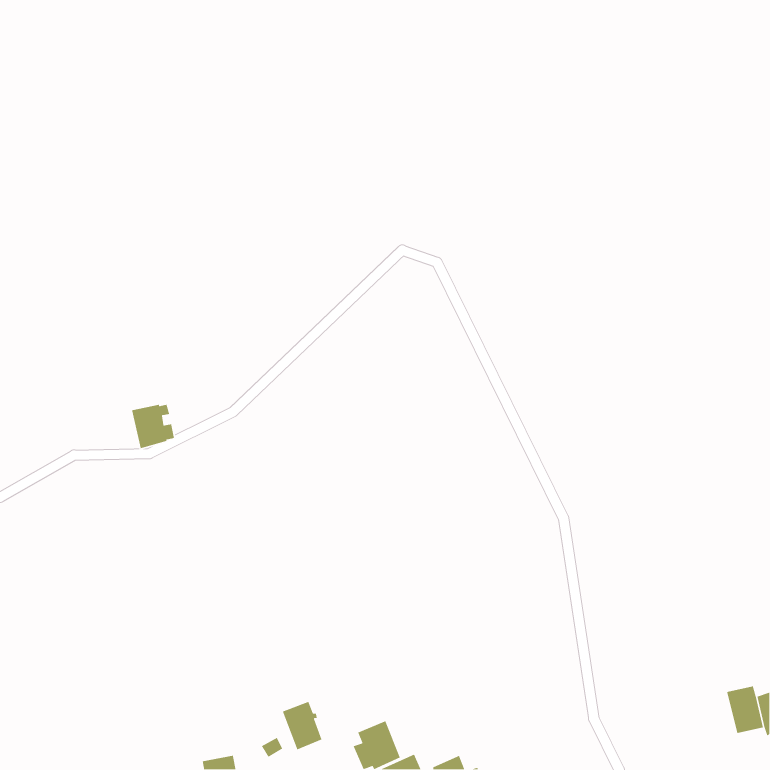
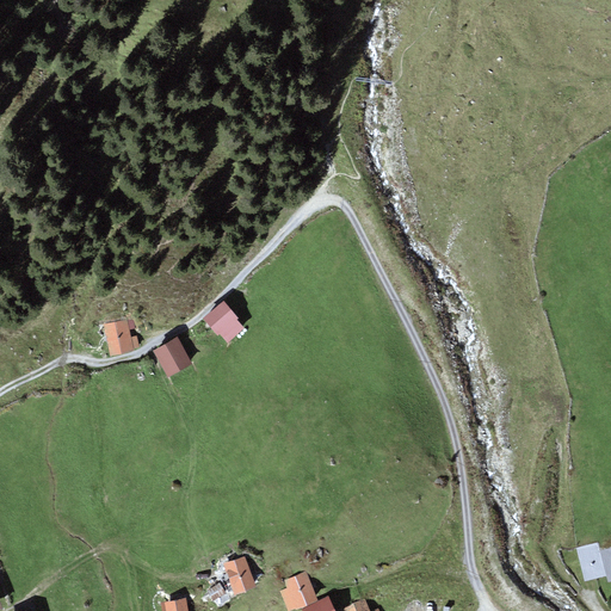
building: none -> [203,301,245,342]
building: none -> [153,337,192,377]

